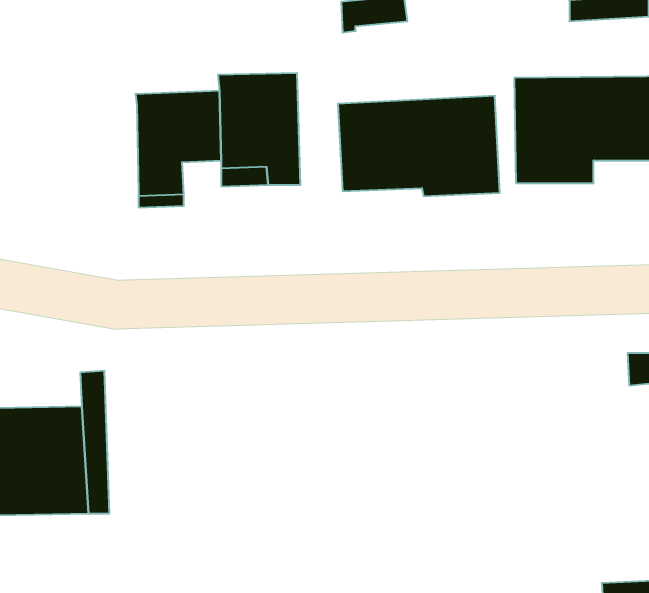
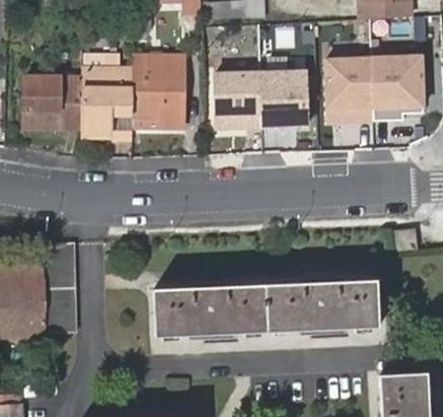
building: none -> [28,75,88,130]
building: none -> [147,279,372,338]

